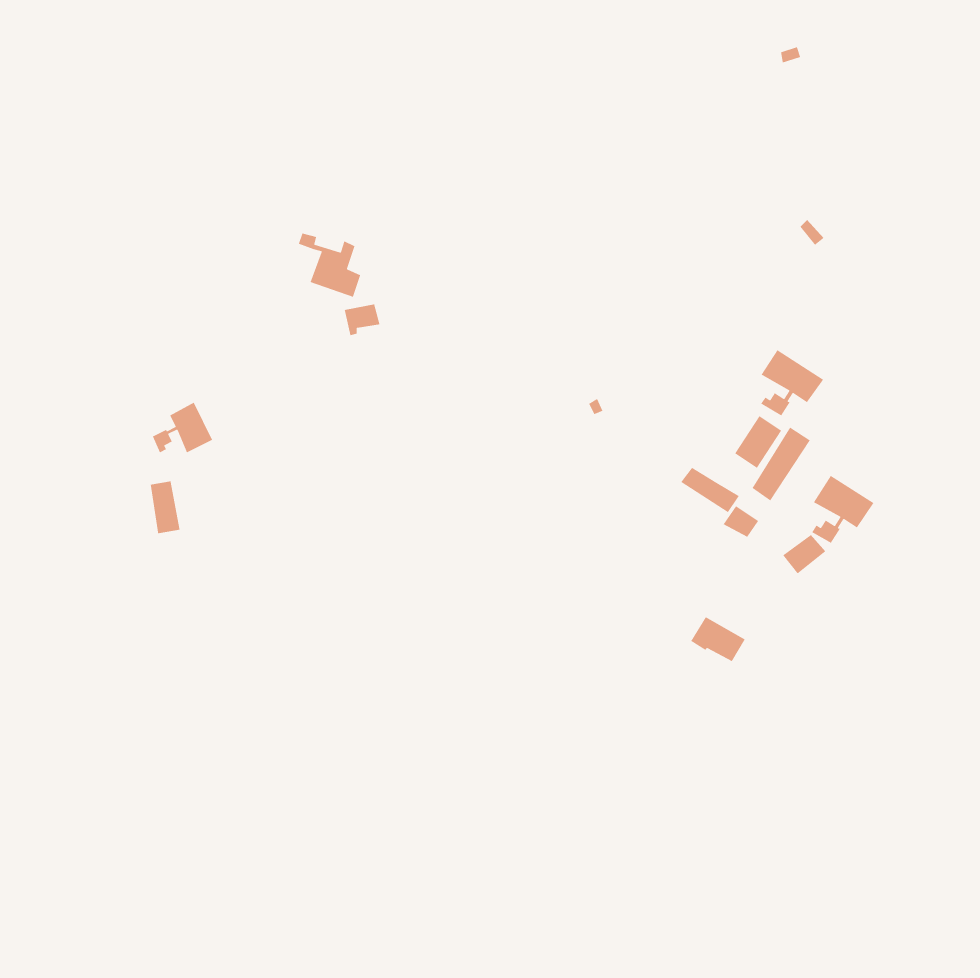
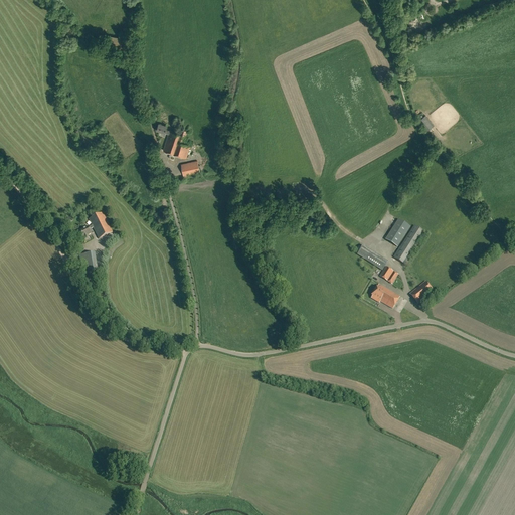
building: [760,349,824,416] -> none
building: [811,475,875,544] -> none
building: [690,616,746,662] -> [370,283,399,307]

